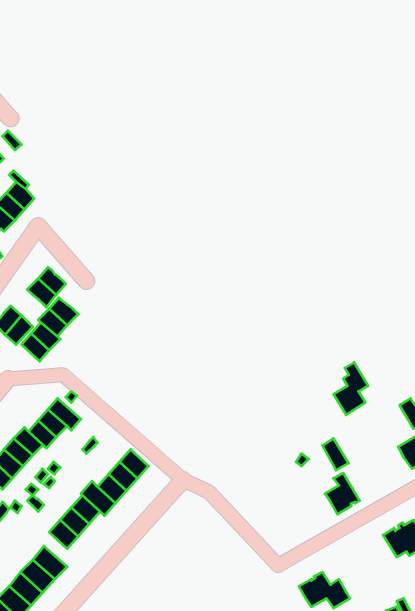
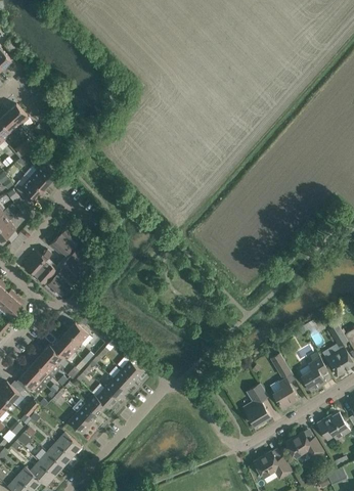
building: [334,362,368,415] -> [301,352,326,391]
building: none -> [242,383,269,425]
building: none -> [284,432,323,458]

